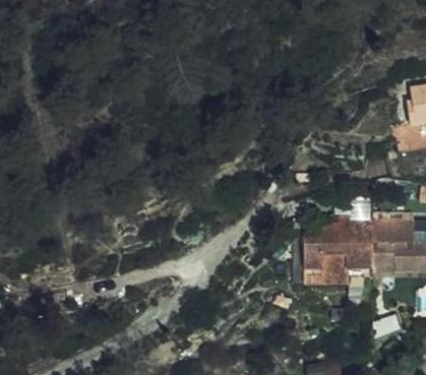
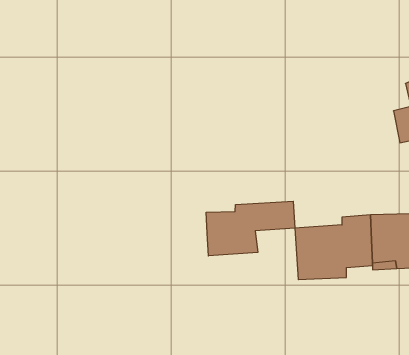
building: none -> [206,201,295,256]

